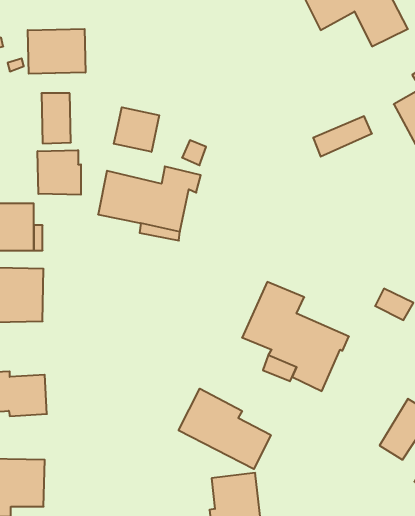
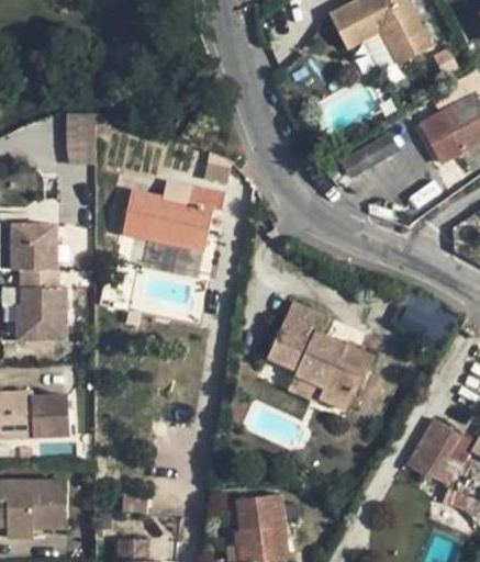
building: [28,29,85,74] -> none
building: [114,107,159,152] -> none
building: [38,150,81,195] -> none
building: [179,389,271,469] -> none

